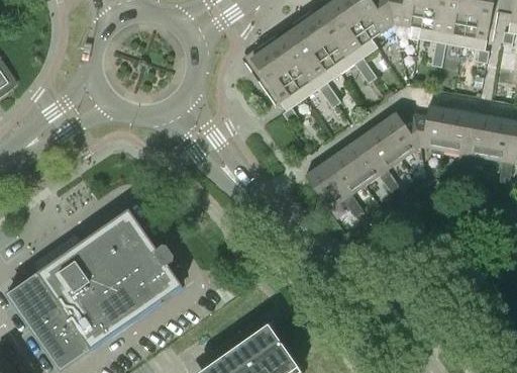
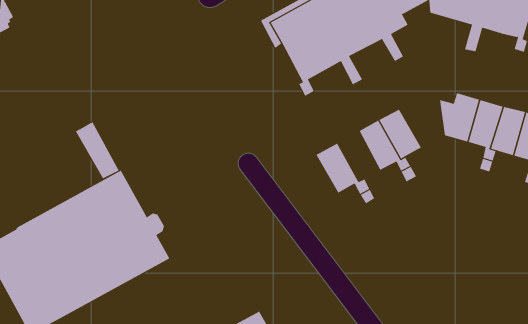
building: [378,111,421,158] -> none
building: [324,149,366,195] -> none
building: none -> [75,121,120,179]

